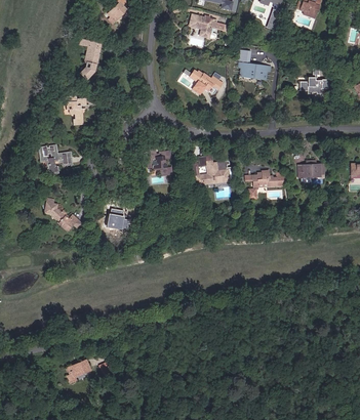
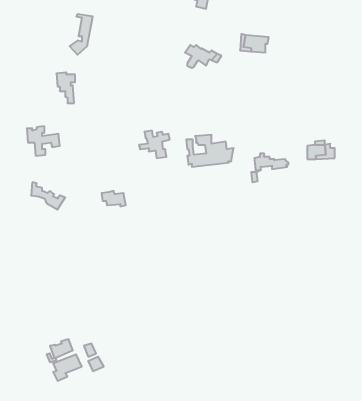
building: [303,68,328,94] -> none

